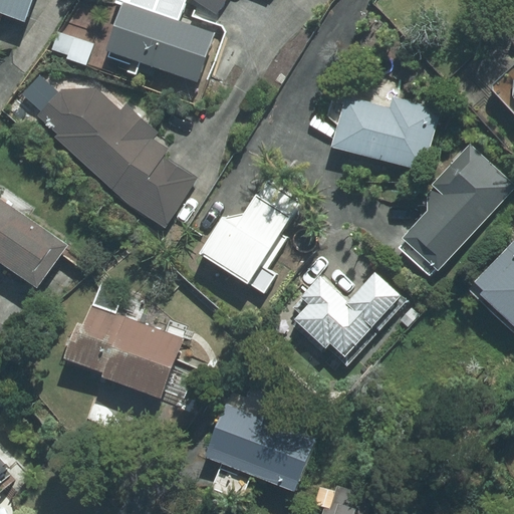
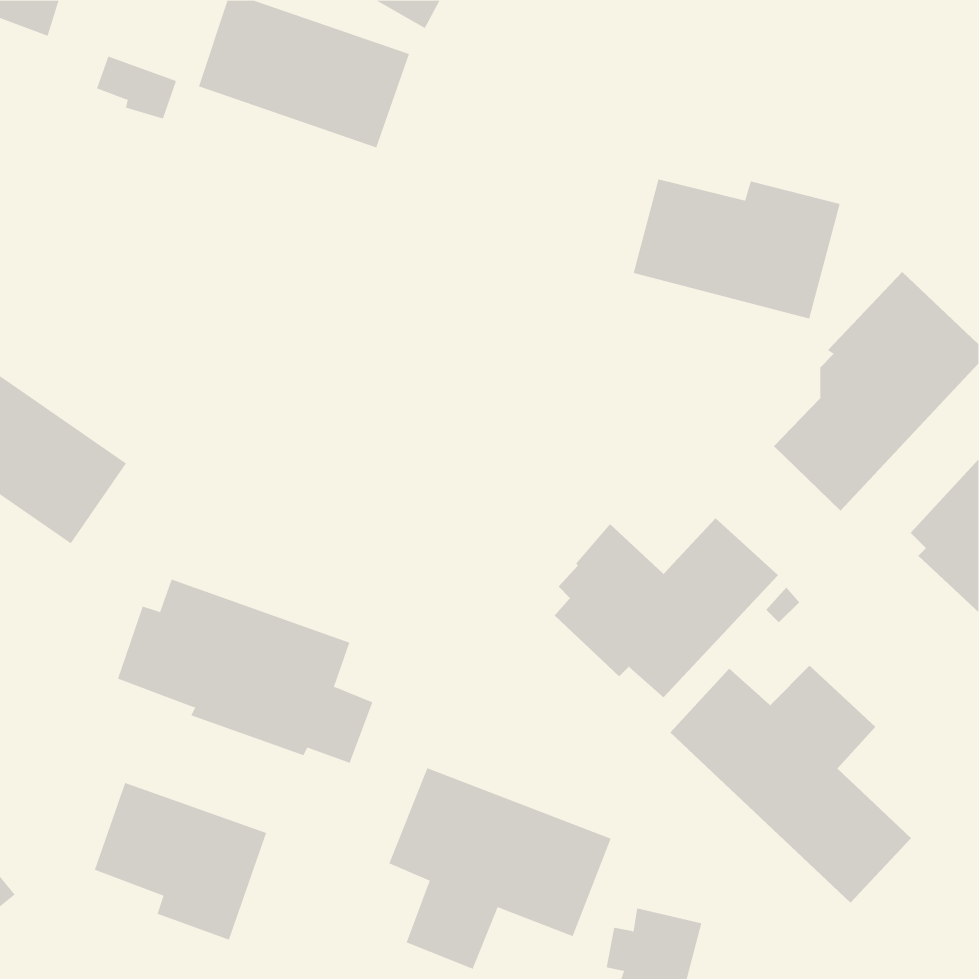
building: [34,88,195,227] -> none
building: [202,198,291,294] -> none
building: none -> [669,665,912,904]
building: none -> [94,782,267,940]

